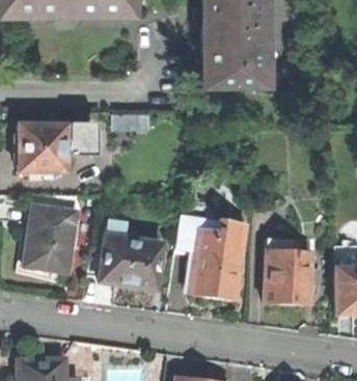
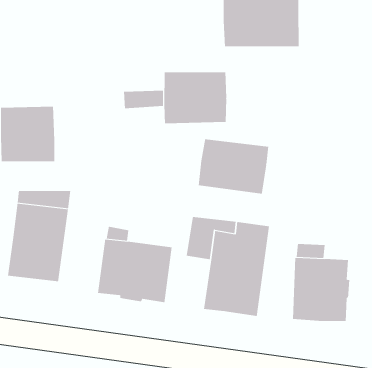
building: none -> [164,71,227,124]
building: [63,126,92,155] -> none
building: none -> [198,138,269,195]

